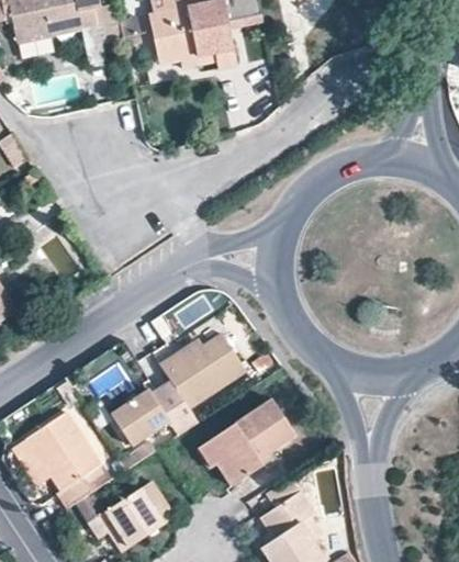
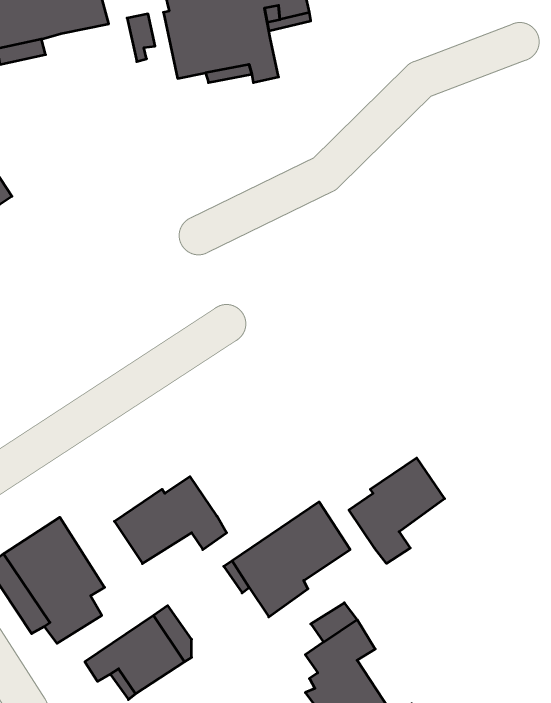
building: [159,334,246,409] -> none
building: none -> [349,458,445,563]

